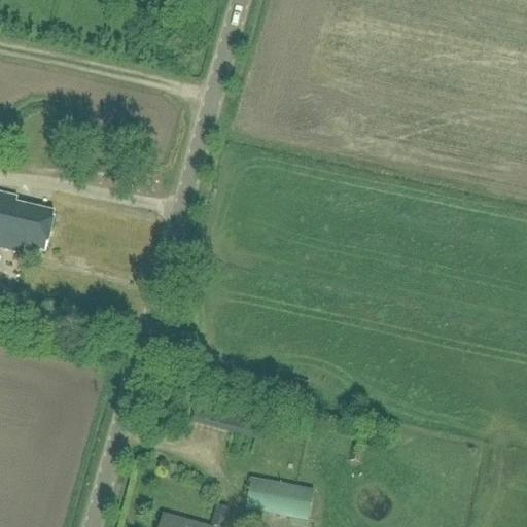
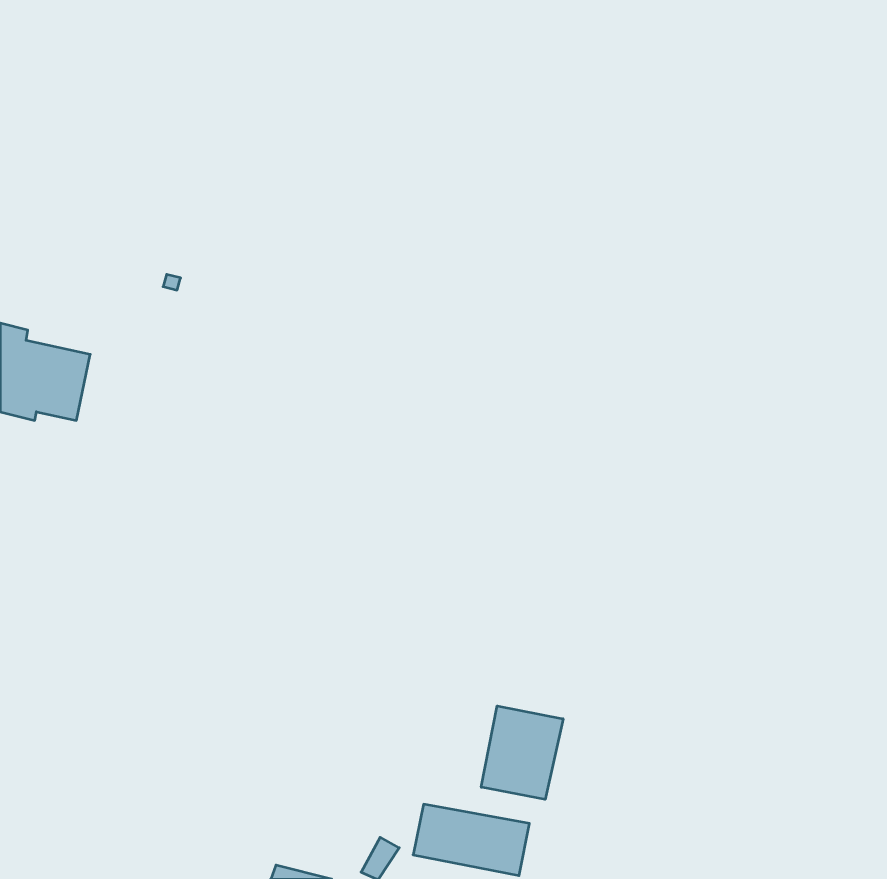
building: none -> [481,706,563,799]

